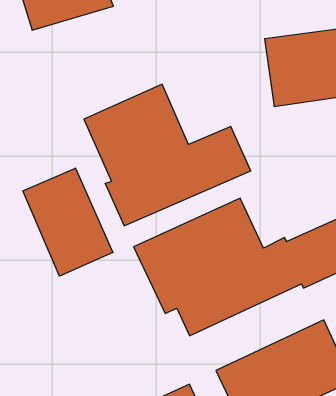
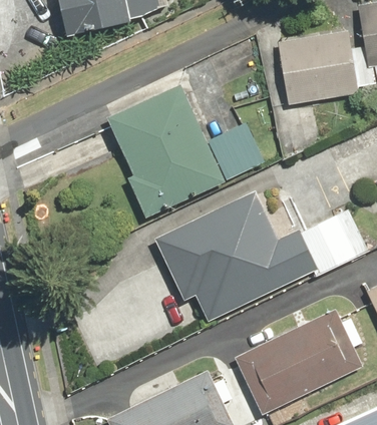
building: [23,168,113,276] -> none

